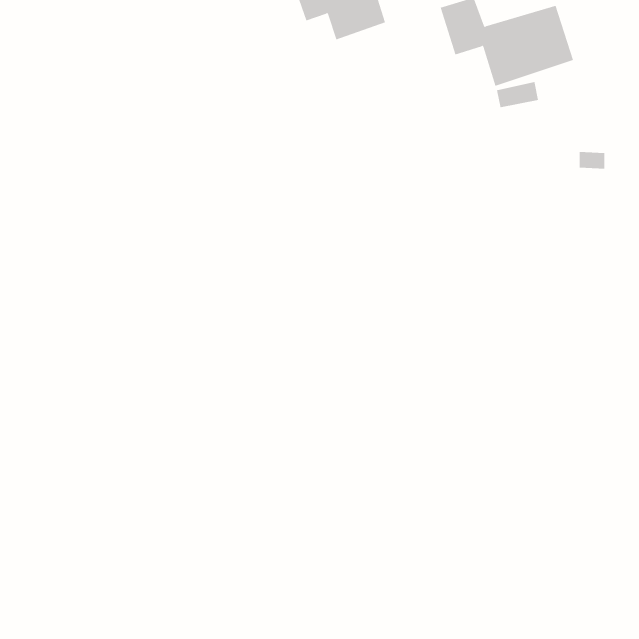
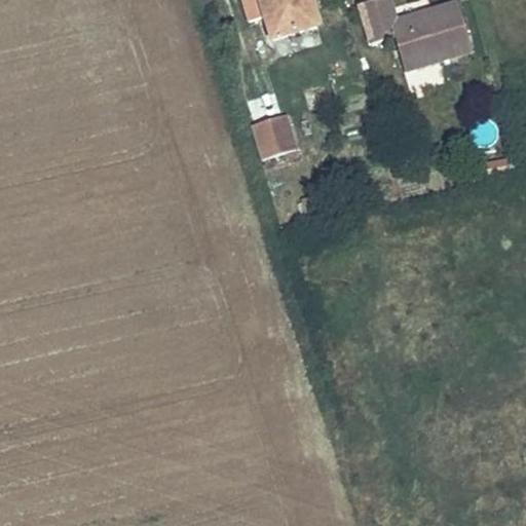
building: none -> [251,111,295,155]

